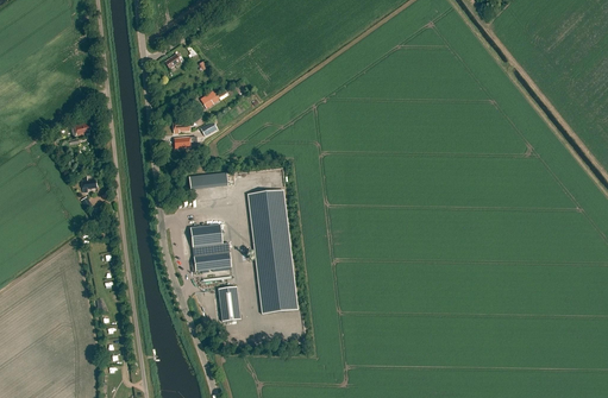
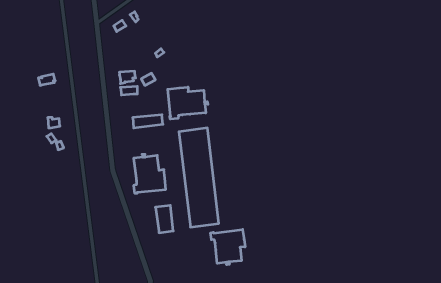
building: none -> [168,87,208,119]
building: none -> [211,229,245,265]

